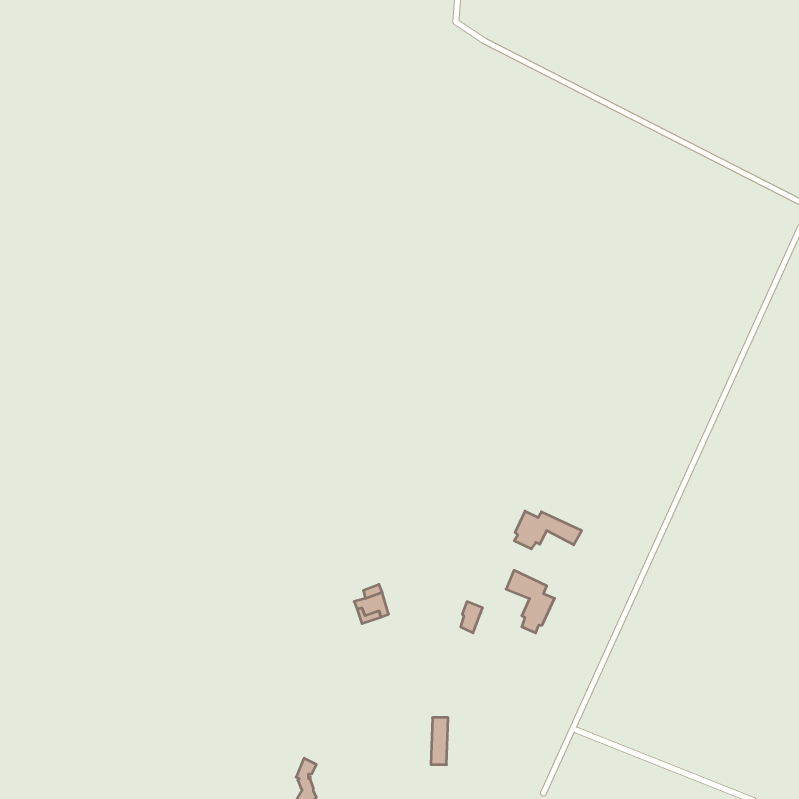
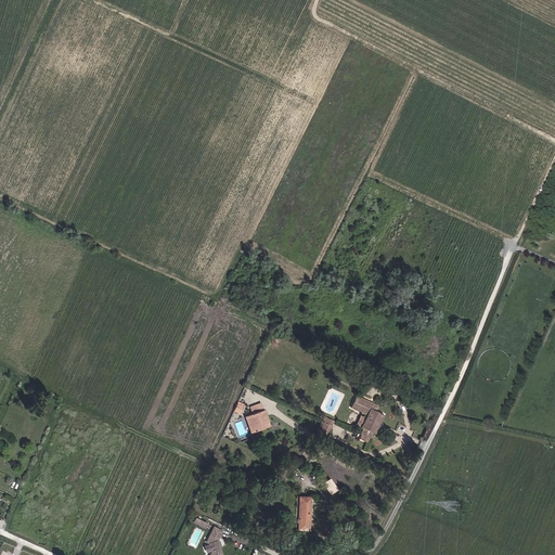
building: [514,511,582,549] -> none

